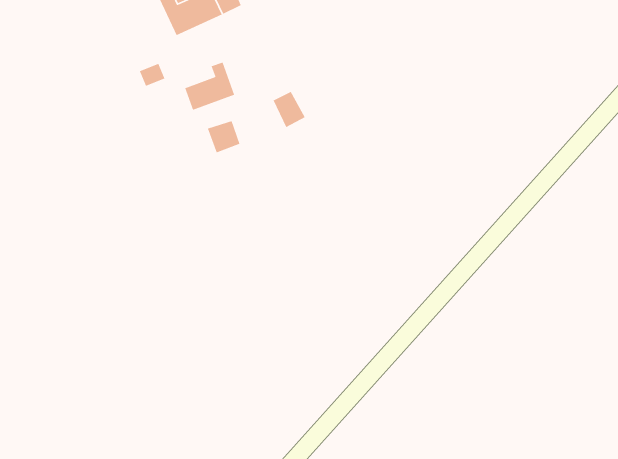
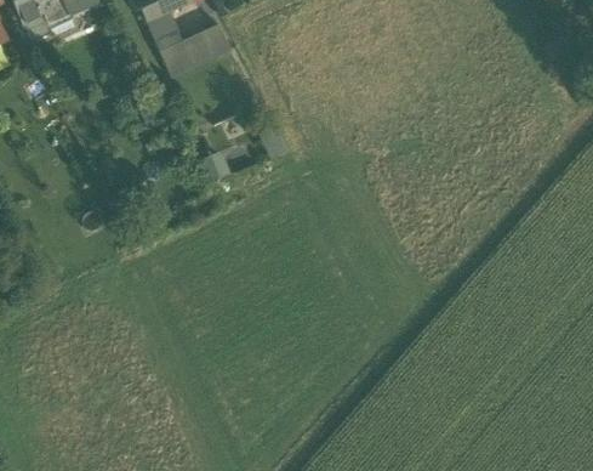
building: [184,62,235,111] -> none

